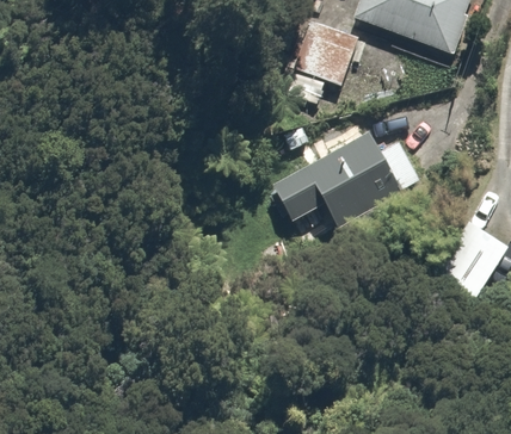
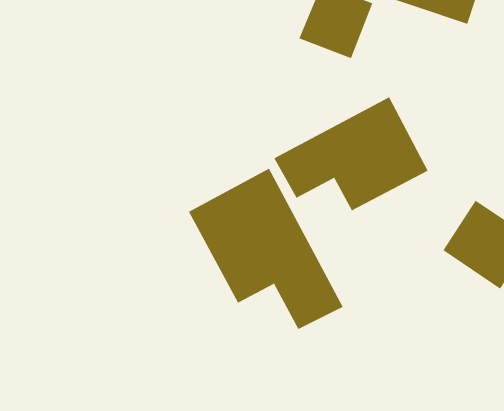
building: none -> [188,168,343,330]

